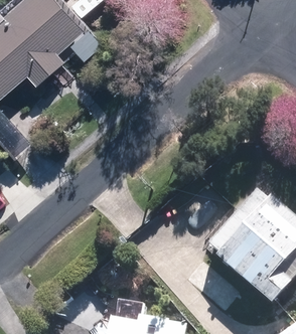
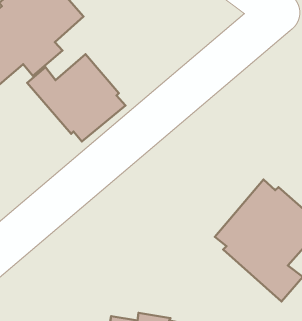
building: none -> [27,54,125,142]

